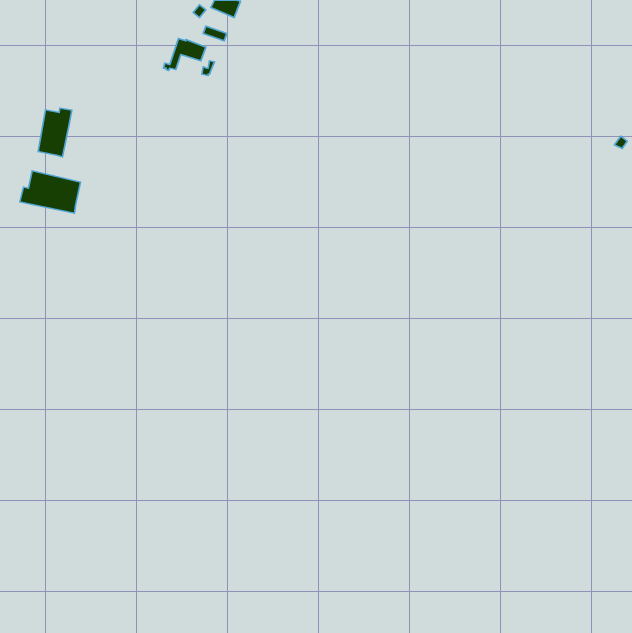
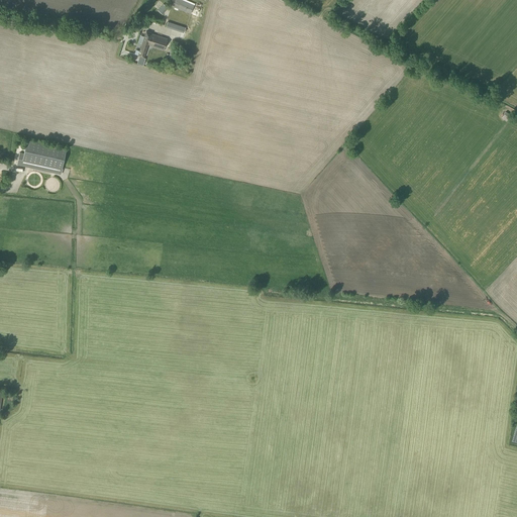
building: [38,108,72,157] -> none

